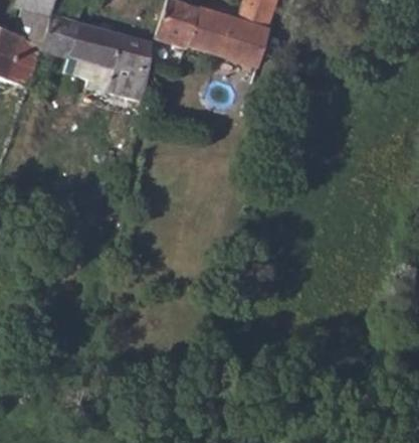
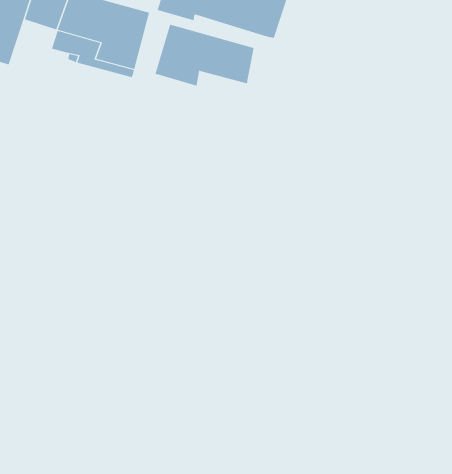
building: none -> [155,24,254,87]

